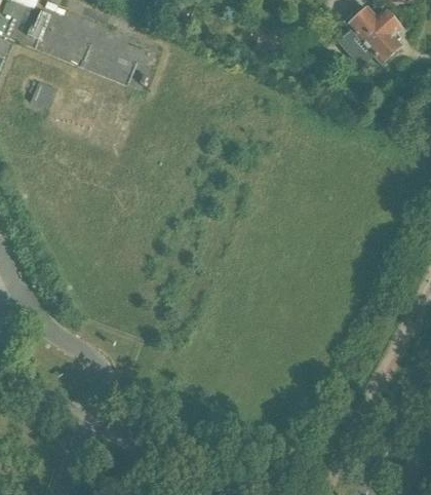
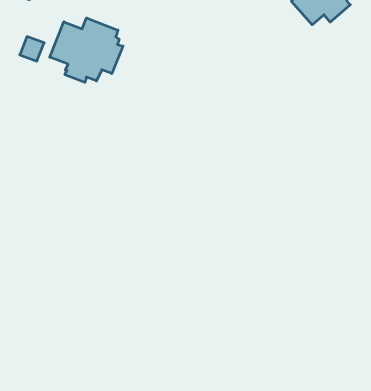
building: none -> [50,18,123,82]

